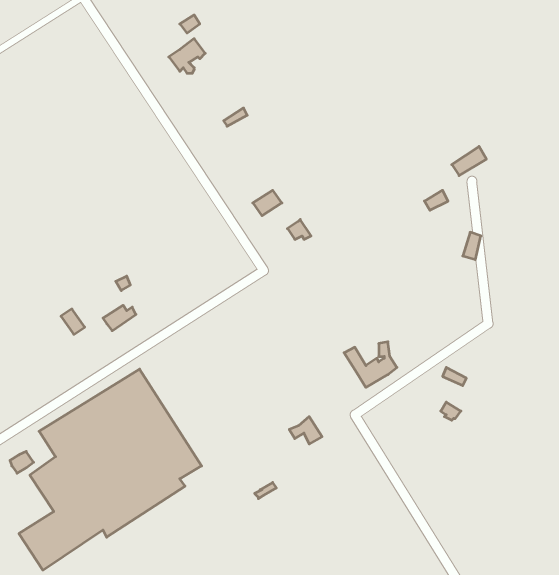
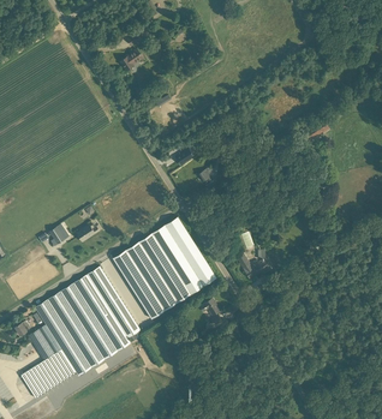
building: none -> [112,216,216,321]

